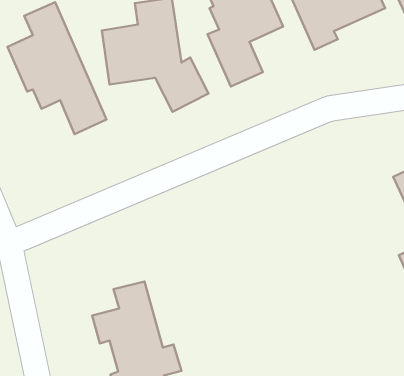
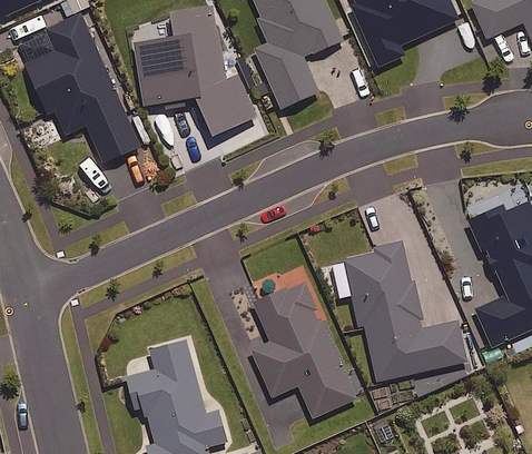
building: none -> [329,236,466,378]
building: none -> [249,278,353,414]

